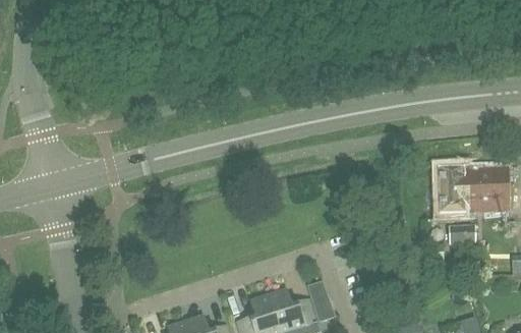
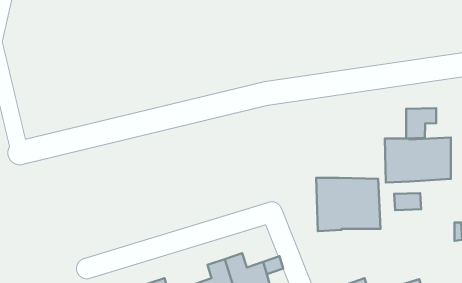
building: none -> [406,108,436,139]
building: none -> [316,178,380,231]

